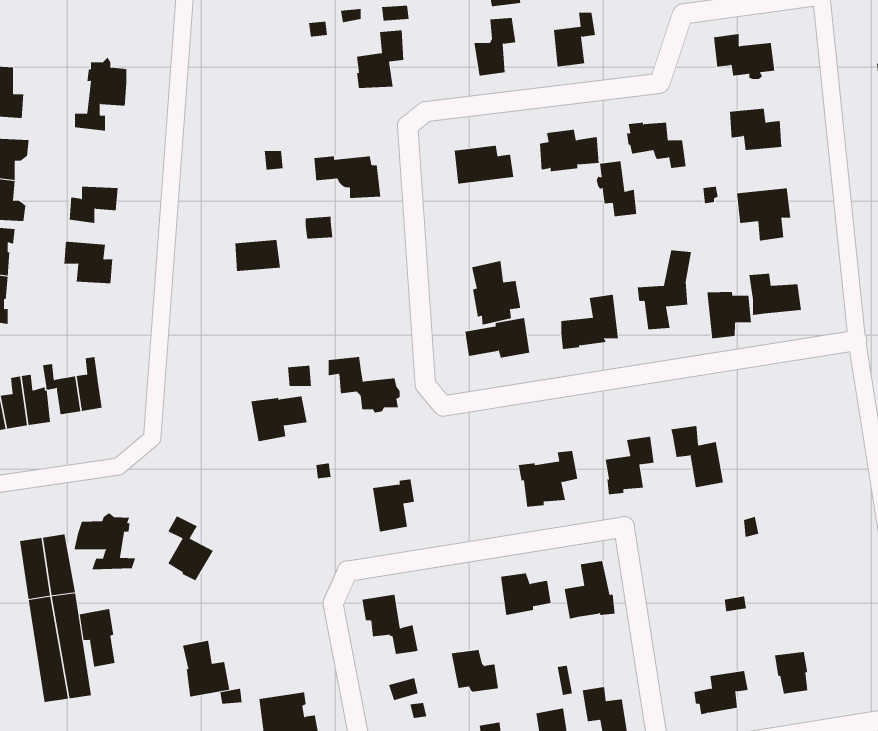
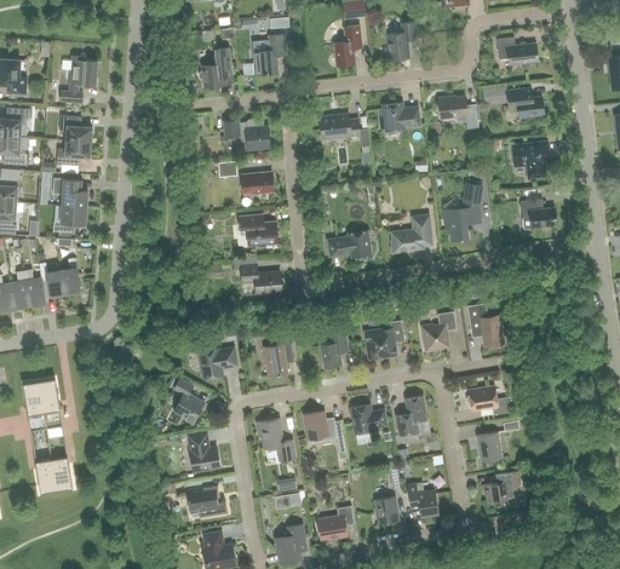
building: none -> [199,47,232,87]
building: none -> [59,115,92,142]
building: [596,161,637,217] -> none
building: [235,240,281,271] -> [242,172,274,194]
building: [472,260,521,326] -> none
building: none -> [53,206,86,238]
building: [707,291,751,339] -> none
building: none -> [240,214,279,246]
building: [251,396,307,442] -> [199,347,237,379]
building: none -> [320,326,348,367]
building: [74,512,136,570] -> none
building: [168,515,214,581] -> [173,378,205,423]
building: none -> [466,385,511,415]
building: [79,608,115,668] -> none
building: [182,640,230,697] -> [188,432,220,471]
building: [451,650,499,692] -> [304,412,337,441]
building: [774,651,808,694] -> [477,432,500,461]

